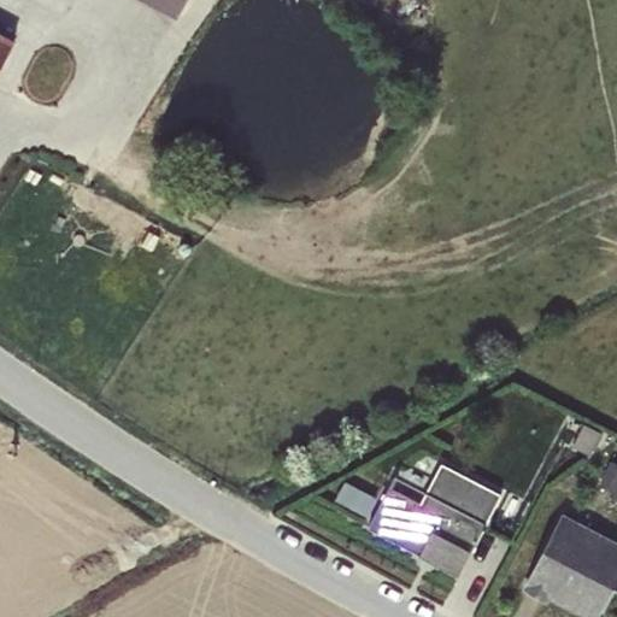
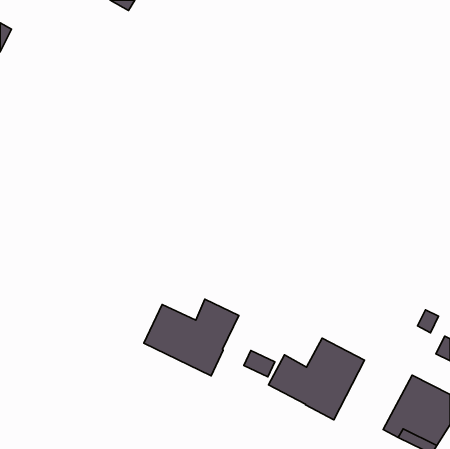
building: none -> [144,299,239,376]

